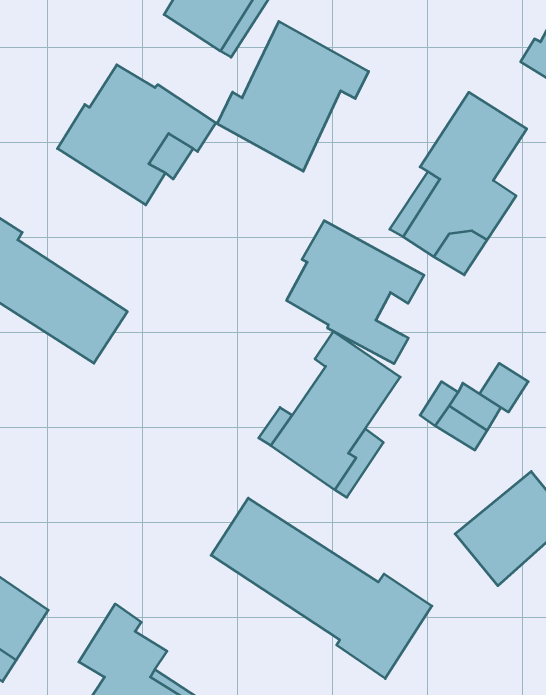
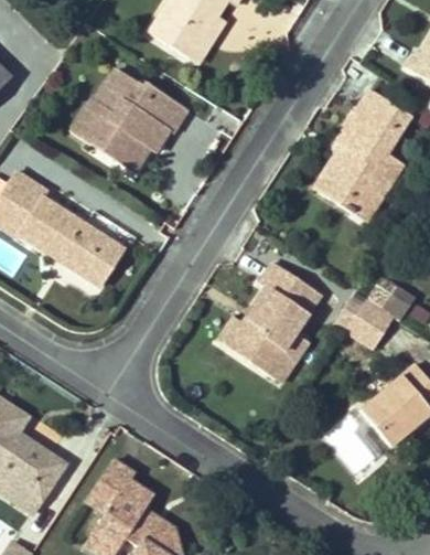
building: [217,21,369,171] -> none
building: [287,221,424,364] -> none
building: [211,498,432,679] -> none

